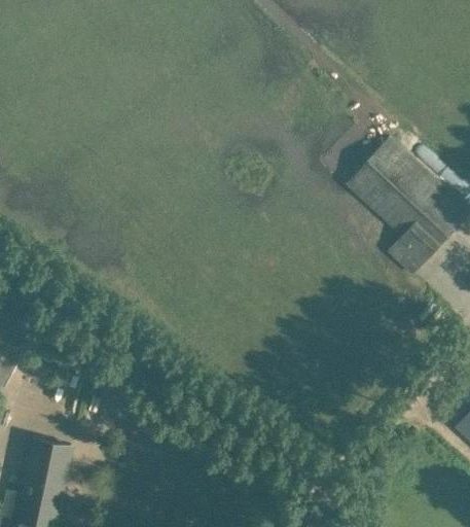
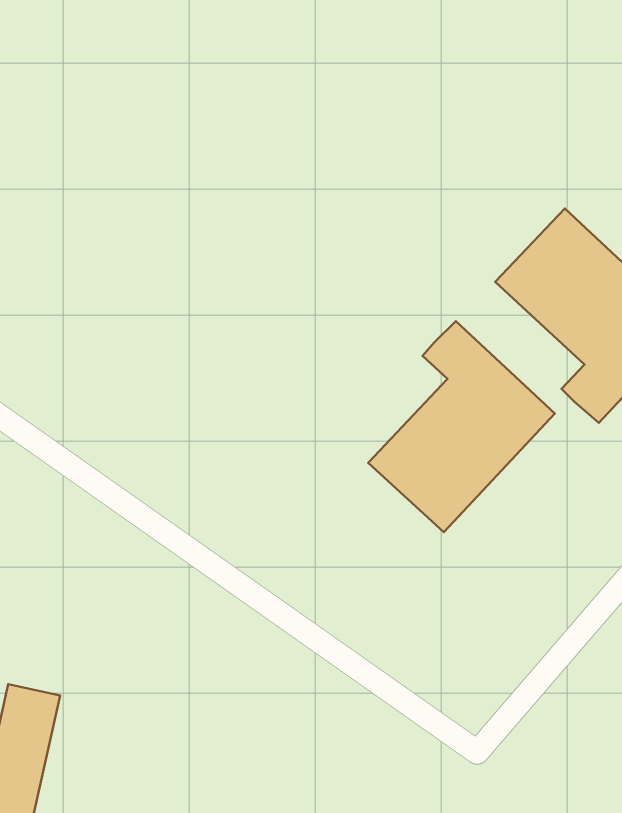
building: none -> [368,321,555,532]

